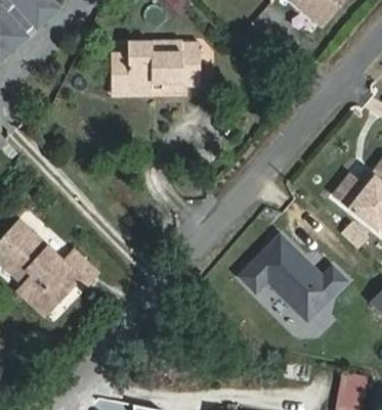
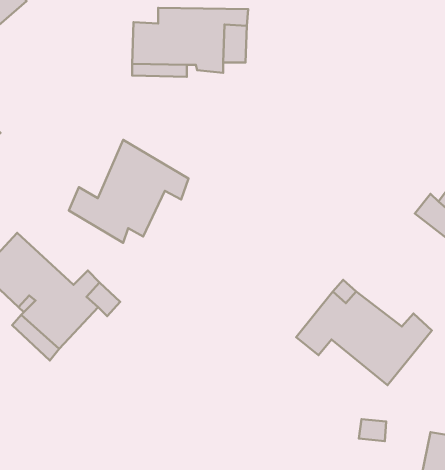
building: none -> [69,140,188,243]

